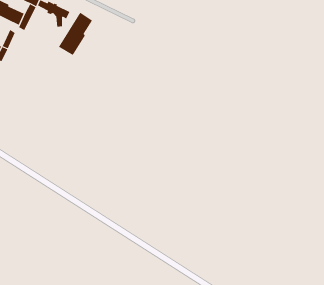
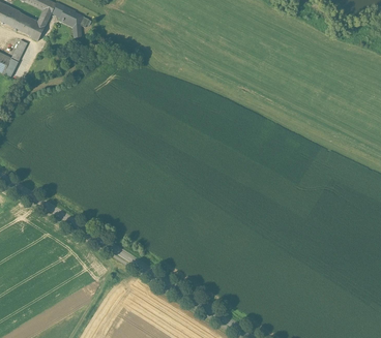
building: [58,12,93,56] -> none

